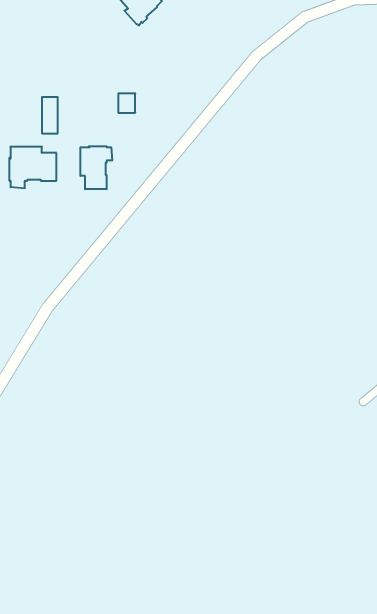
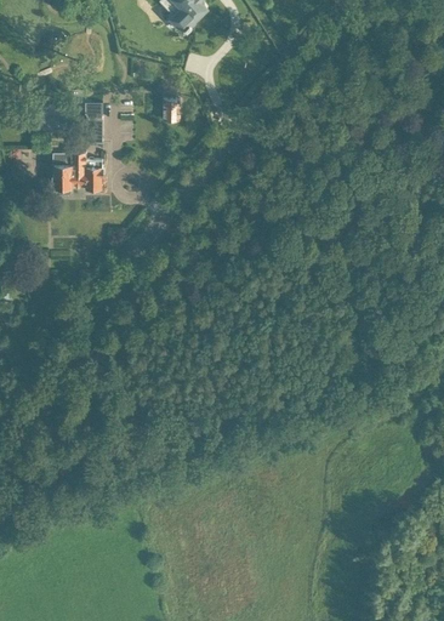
building: [80,146,112,189] -> none

